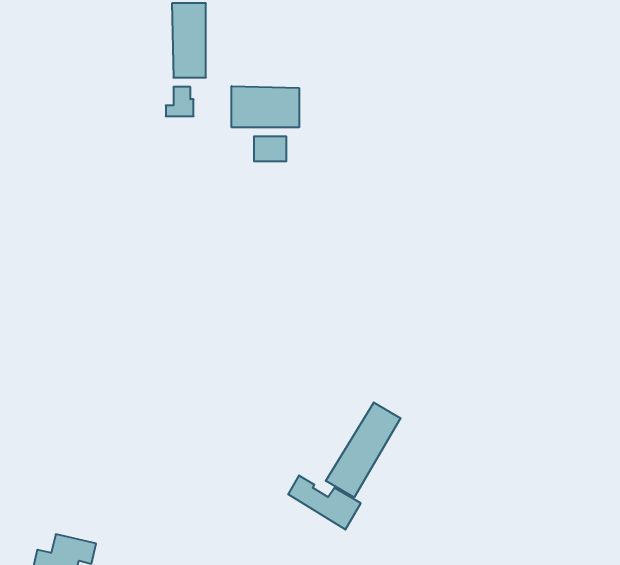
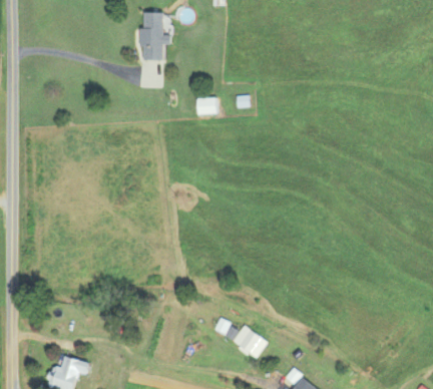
building: [232,86,299,127] -> none
building: [326,402,401,497] -> none

